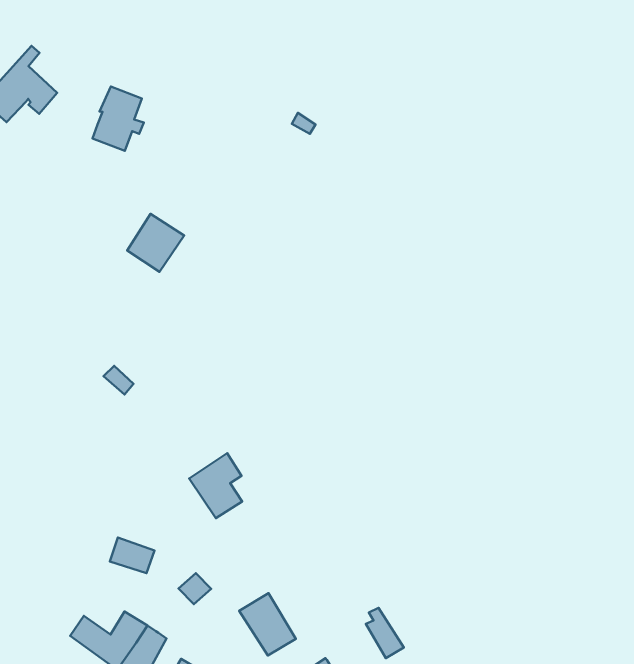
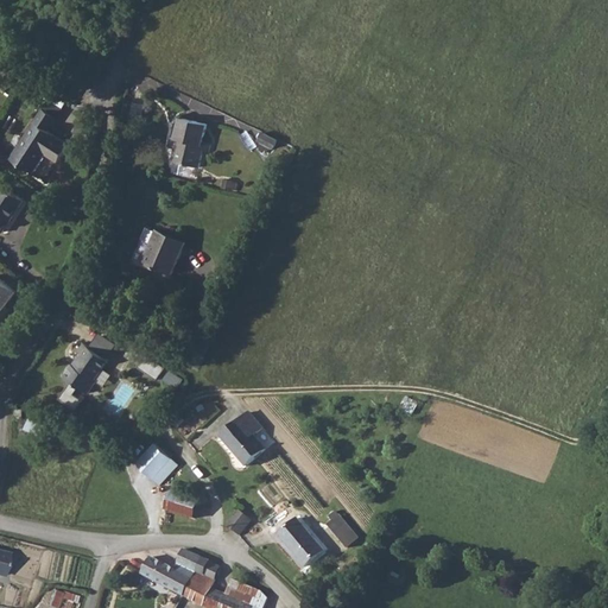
building: [92,86,144,151] -> [169,118,208,167]
building: none -> [62,340,109,393]
building: none -> [132,445,172,484]
building: [366,608,404,658] -> [324,511,357,550]

